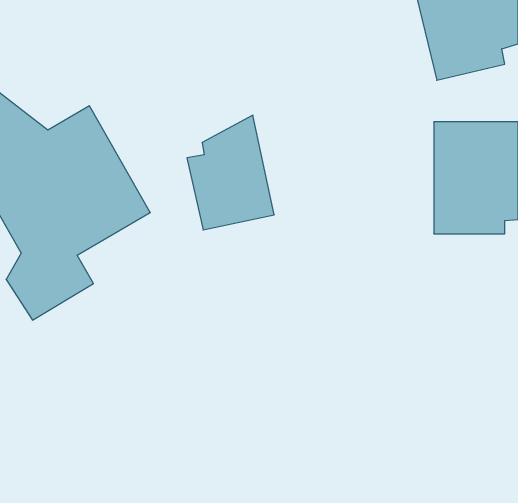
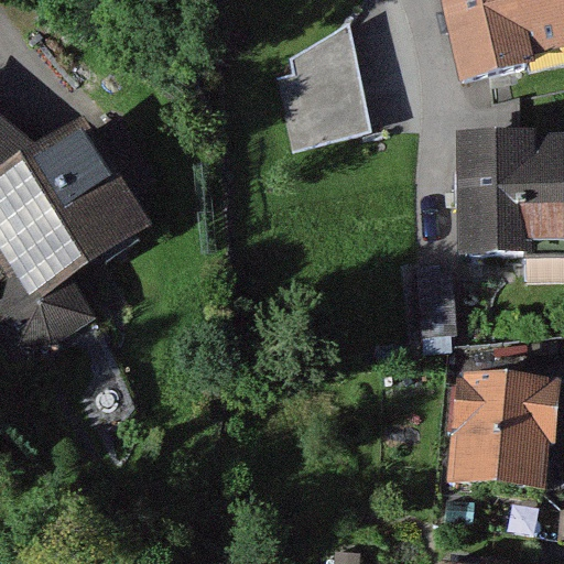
building: [187,115,274,230] -> [274,17,369,141]
building: none -> [423,390,535,497]

